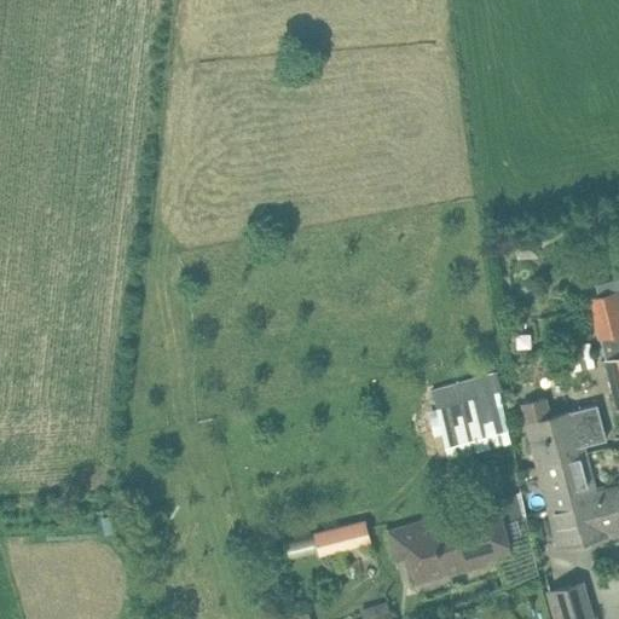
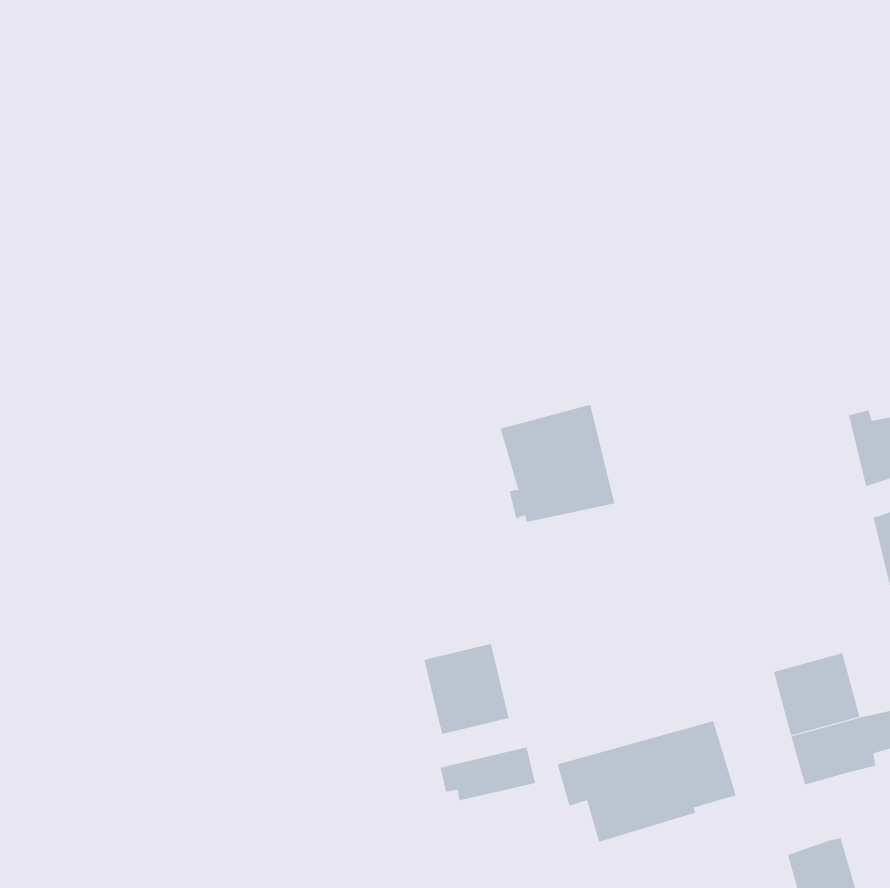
building: [432,375,511,457] -> [500,404,615,523]
building: [520,399,607,468] -> none
building: none -> [424,643,509,735]

